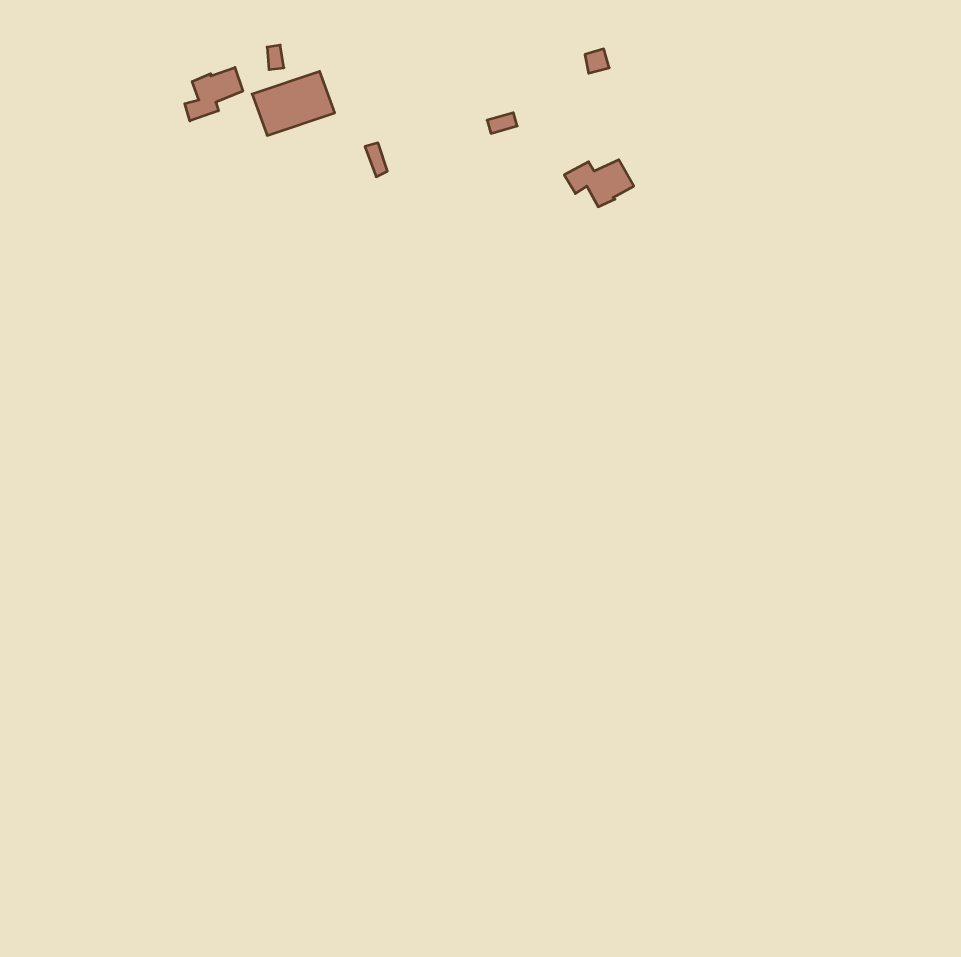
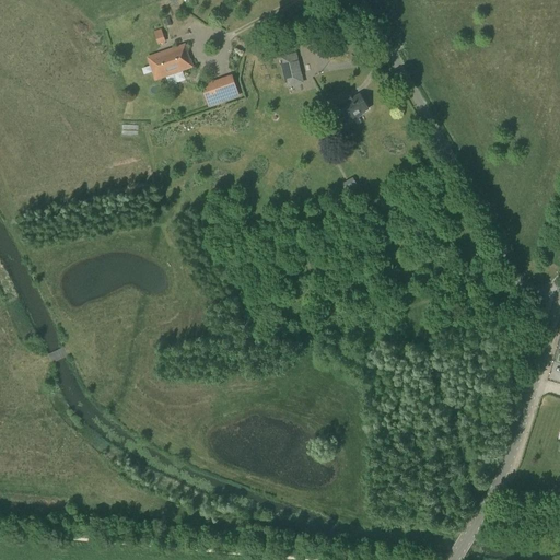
building: [185,67,243,121] -> none

